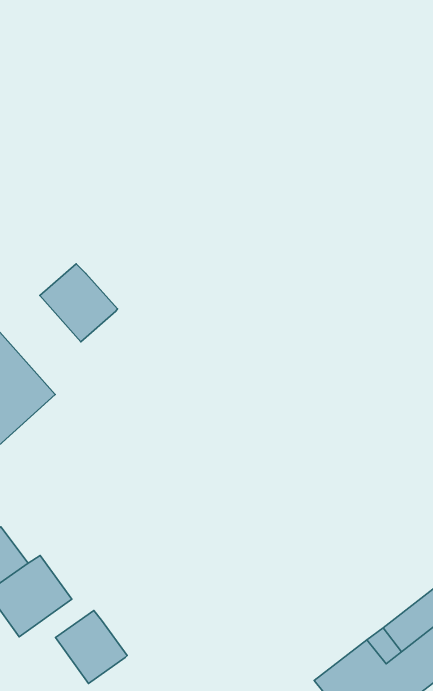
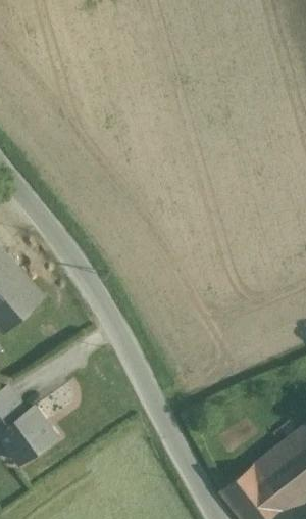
building: [40,264,118,342] -> none
building: [55,611,127,684] -> none

